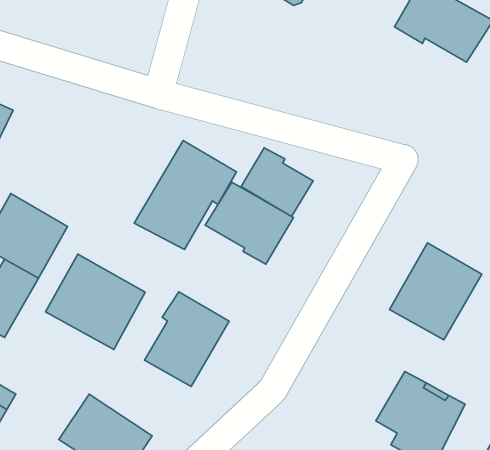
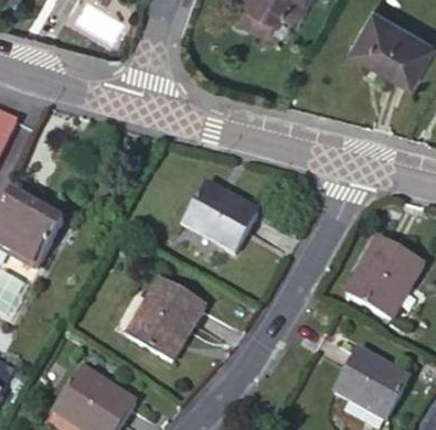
building: [134,141,236,249] -> none
building: [241,148,313,216] -> none
building: [45,254,145,349] -> none

